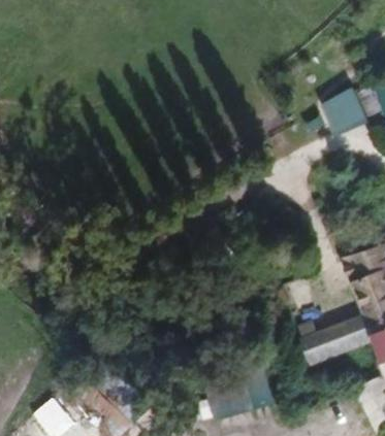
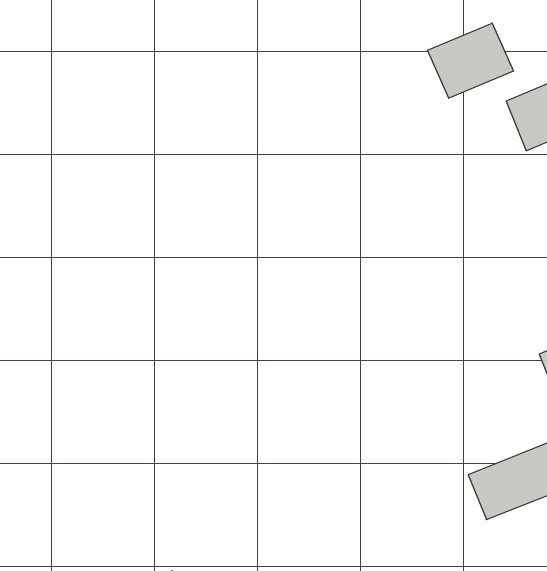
building: none -> [427,23,514,98]

